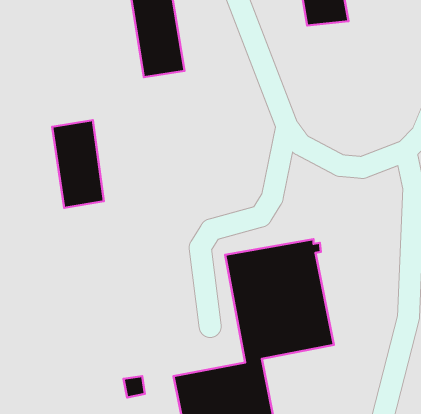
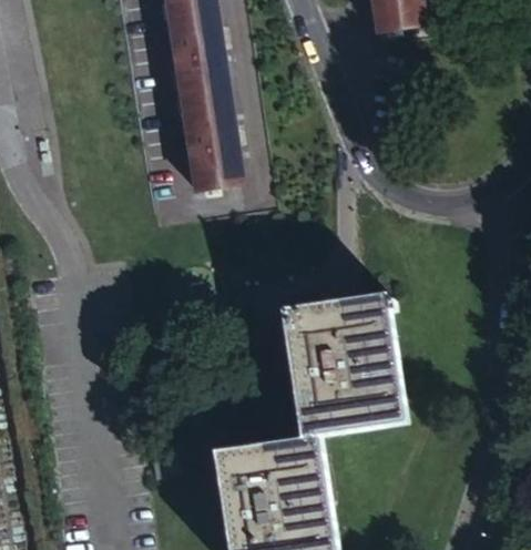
building: [52,120,104,208] -> [177,86,239,192]

